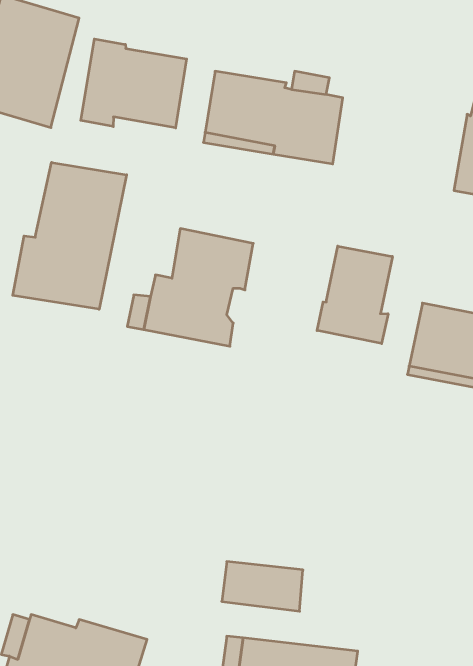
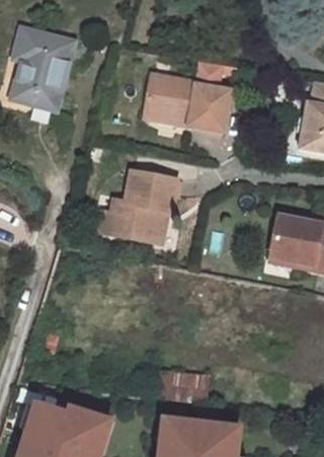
building: [81,39,187,128] -> none
building: [13,162,127,309] -> none
building: [317,246,392,344] -> none

